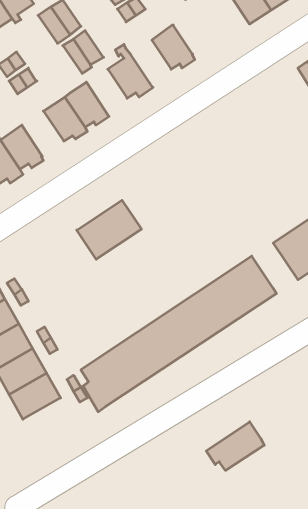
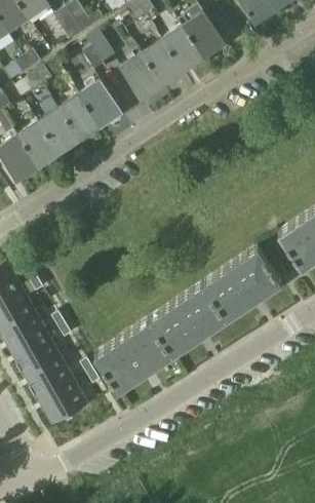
building: none -> [182,6,227,53]
building: none -> [144,40,185,81]
building: none -> [40,108,82,151]
building: [77,200,141,259] -> none
building: none -> [41,382,91,427]
building: [206,422,264,470] -> none

